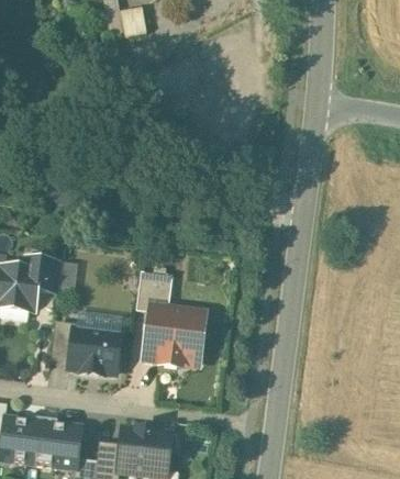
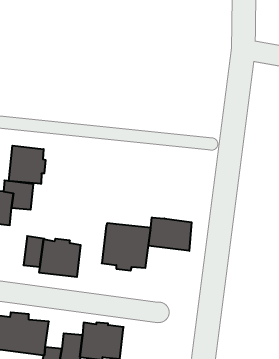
building: none -> [9,146,46,184]
building: [137,268,168,309] -> none
building: none -> [148,217,192,251]

